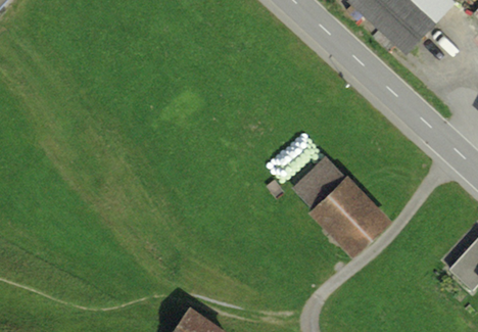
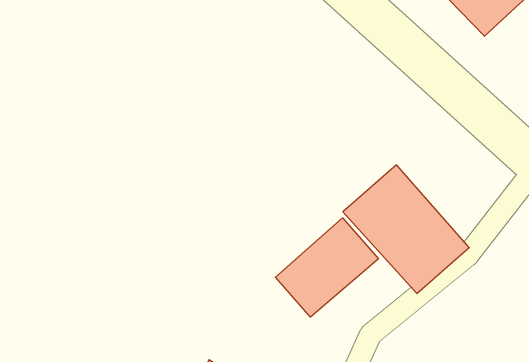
building: none -> [275,218,379,317]

